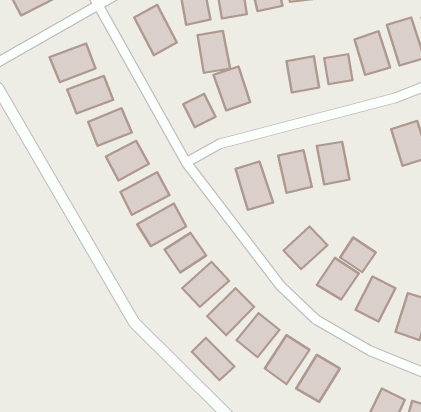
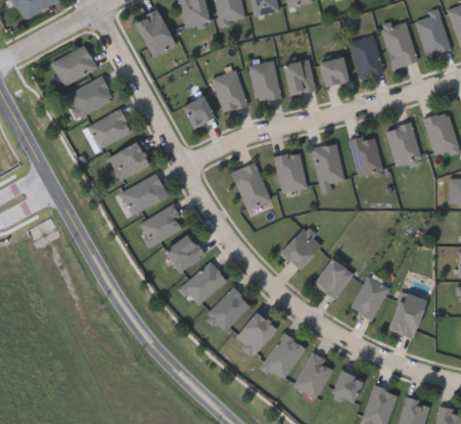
building: [198,31,230,73] -> [249,60,281,101]
building: none -> [350,134,383,178]
building: [340,237,376,272] -> none
building: [192,338,235,380] -> none
building: none -> [331,370,363,402]

